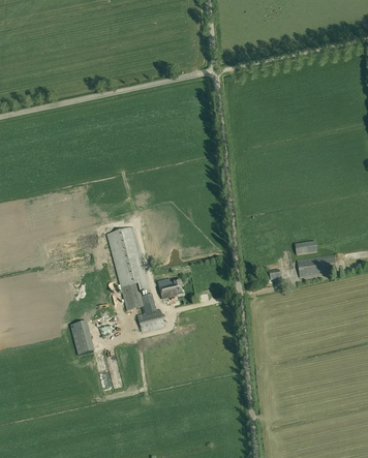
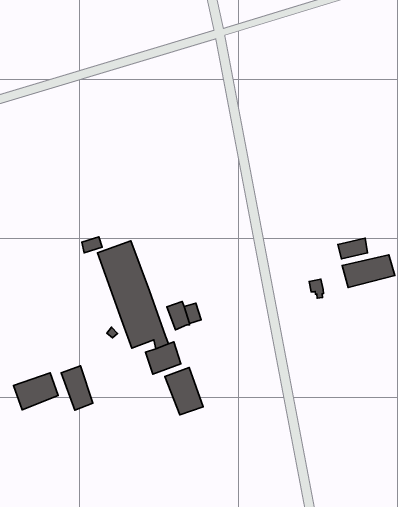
building: none -> [13,373,58,410]
building: none -> [165,368,203,415]

